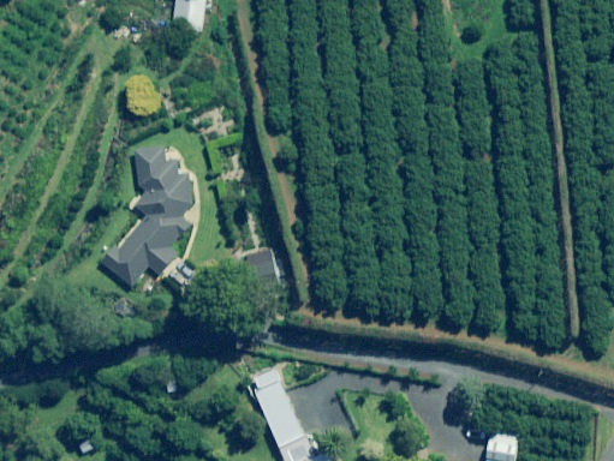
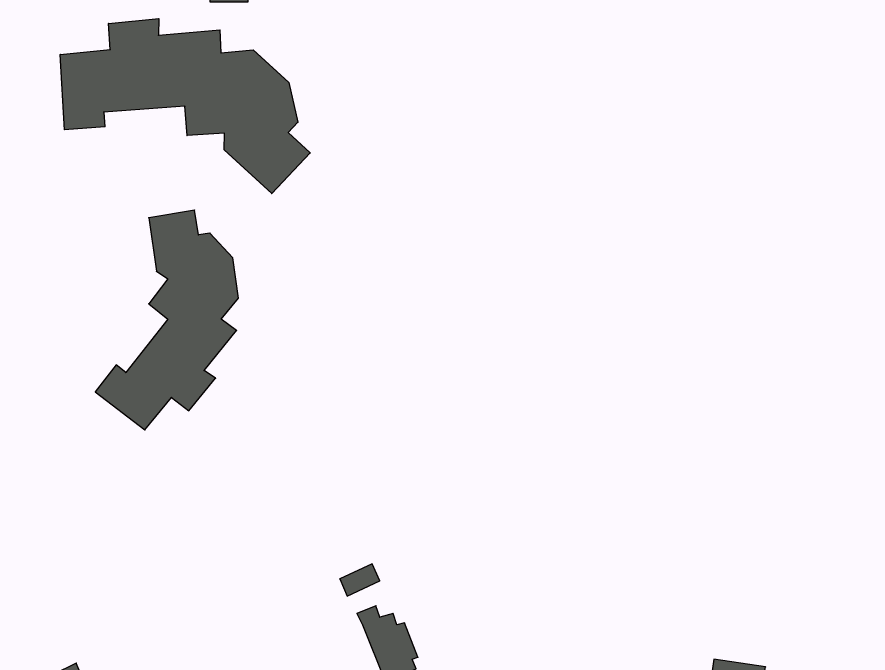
building: none -> [60,19,310,194]

